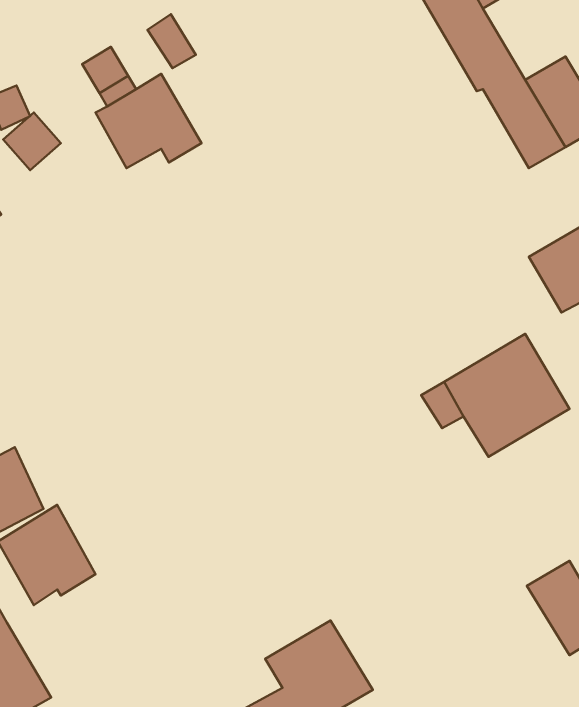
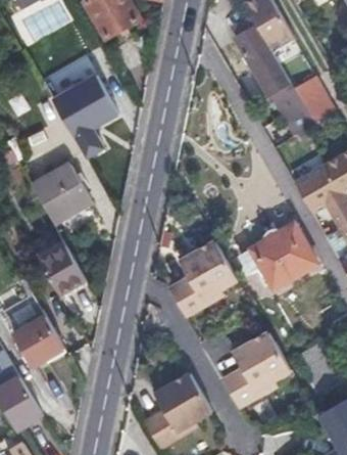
building: none -> [31,162,93,224]
building: none -> [170,241,239,317]
building: none -> [39,243,87,295]
building: none -> [224,332,292,407]

